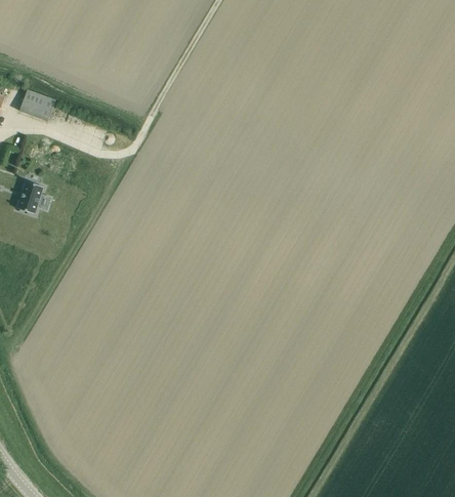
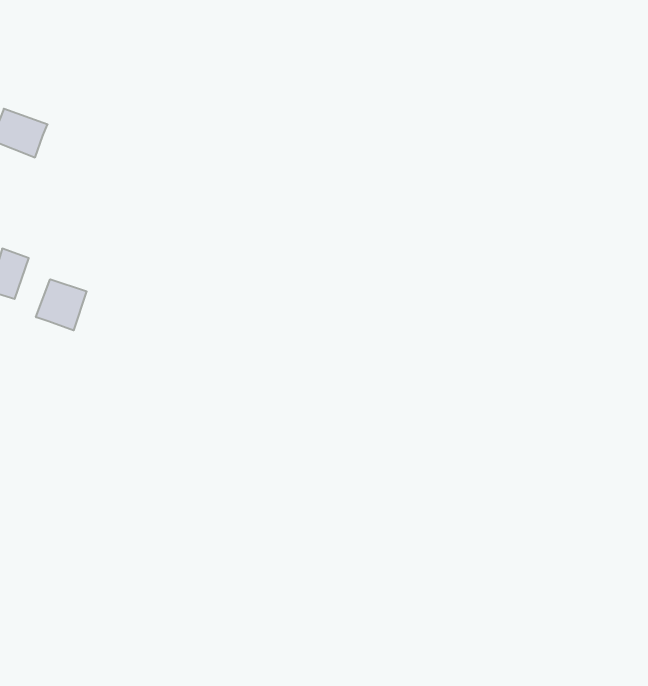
building: none -> [36,279,87,330]

